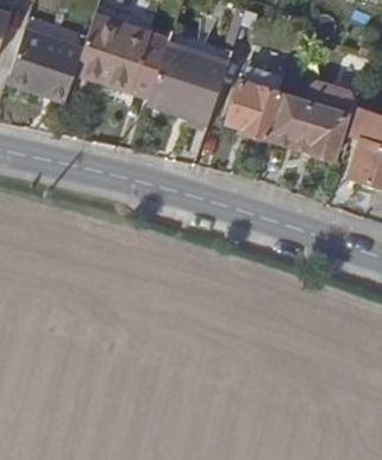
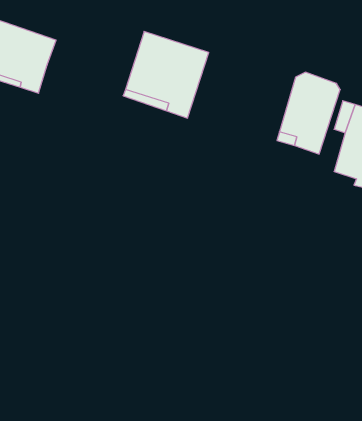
building: [75,17,152,93] -> none
building: [227,80,286,140] -> none

